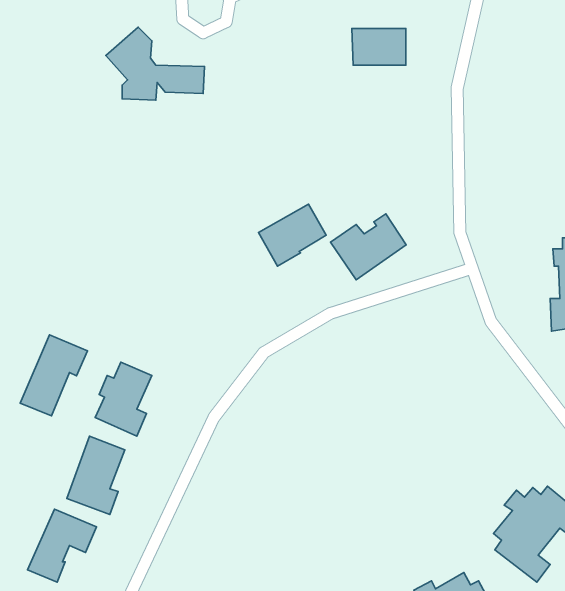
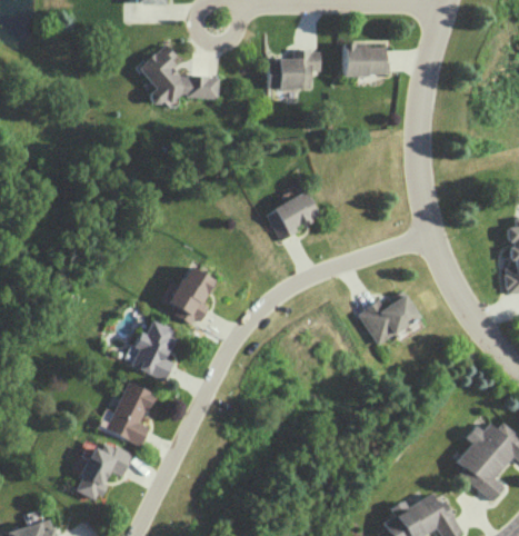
building: none -> [267,50,320,89]
building: [330,214,406,280] -> [359,291,421,346]
building: none -> [168,266,213,326]
building: [20,335,88,416] -> none

